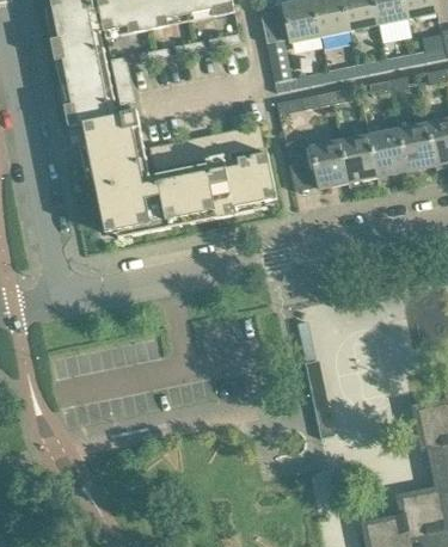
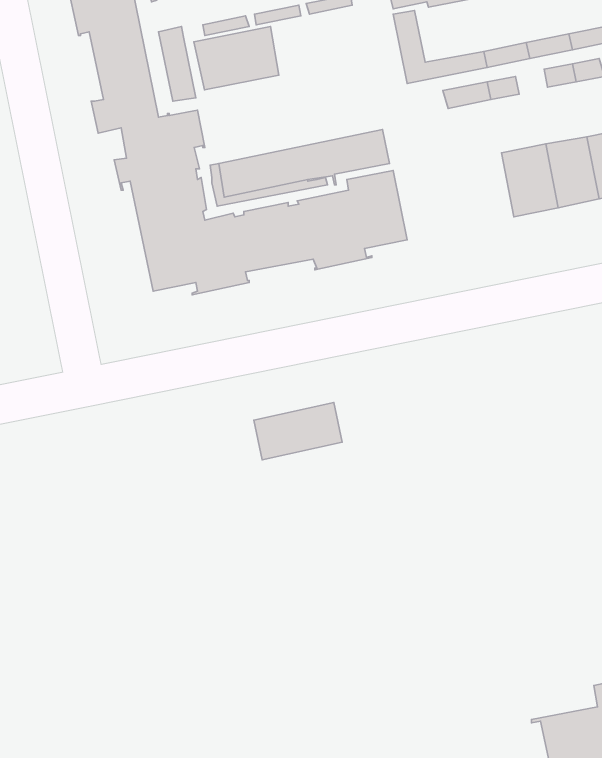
building: none -> [194,27,279,90]
building: [284,140,348,189] -> none
building: none -> [254,403,342,460]

